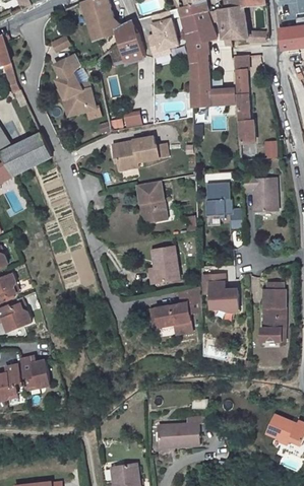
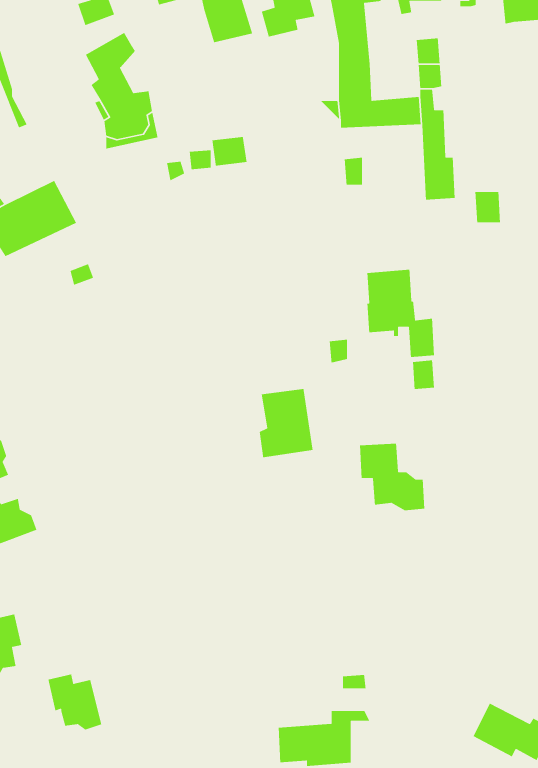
building: [117,137,170,169] -> none
building: [240,175,277,212] -> none
building: [137,180,167,222] -> none
building: [259,284,287,343] -> none
building: [155,285,199,334] -> none
building: [21,358,51,389] -> [47,674,102,730]

